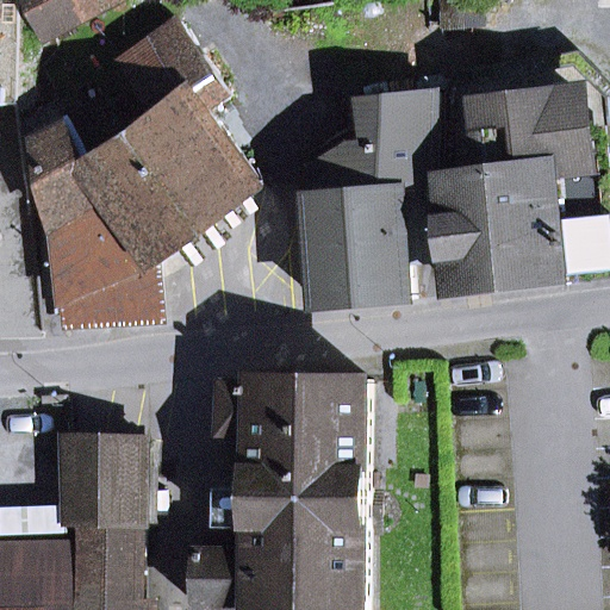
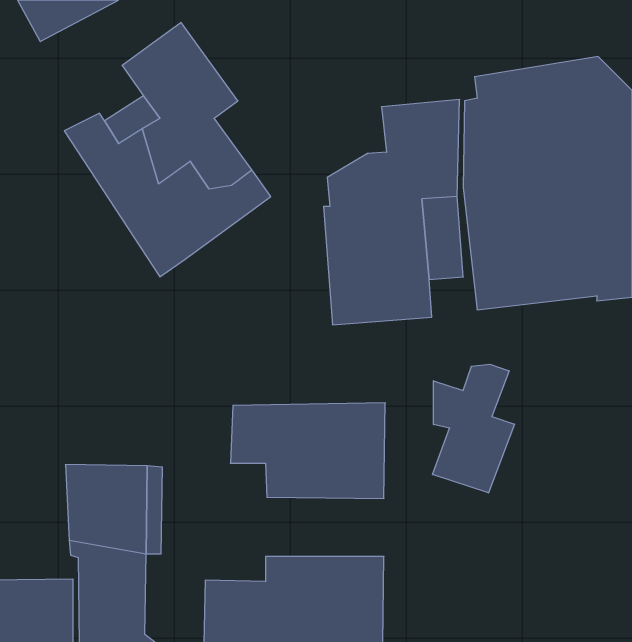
building: [26,125,157,328] -> none
building: none -> [433,364,514,493]
building: [216,472,363,530] -> none

